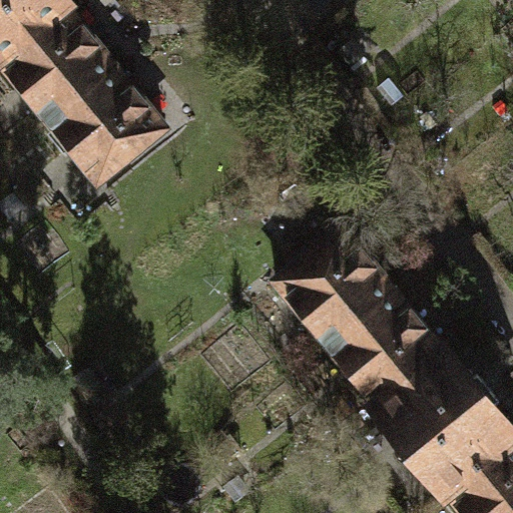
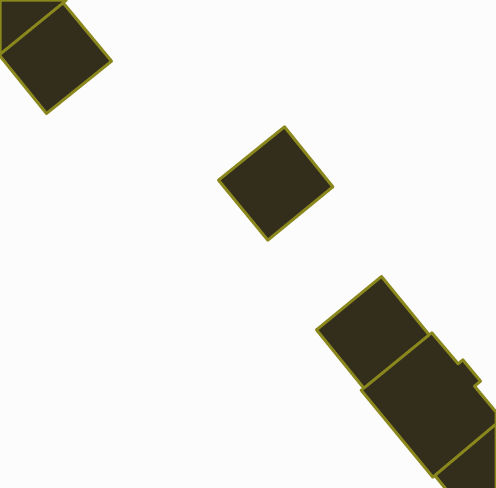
building: [48,71,165,186] -> none
building: [276,231,394,349] -> [218,127,333,240]

